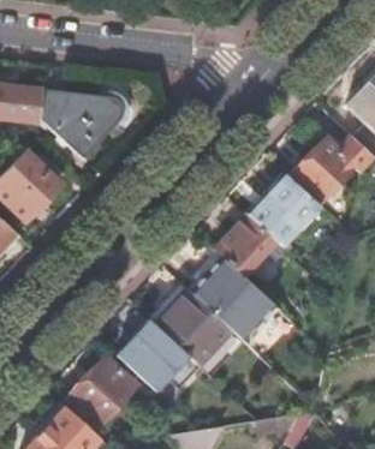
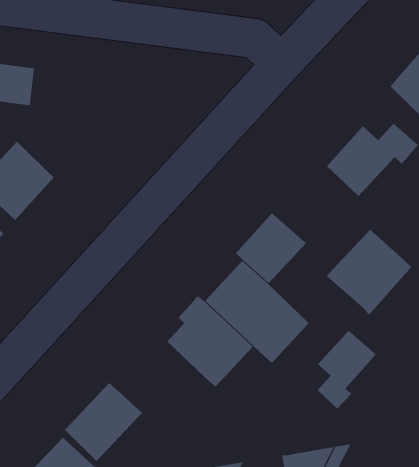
building: [40,90,125,160] -> none
building: [246,173,320,247] -> [327,229,412,316]
building: none -> [317,330,377,409]
building: [118,319,188,389] -> none

